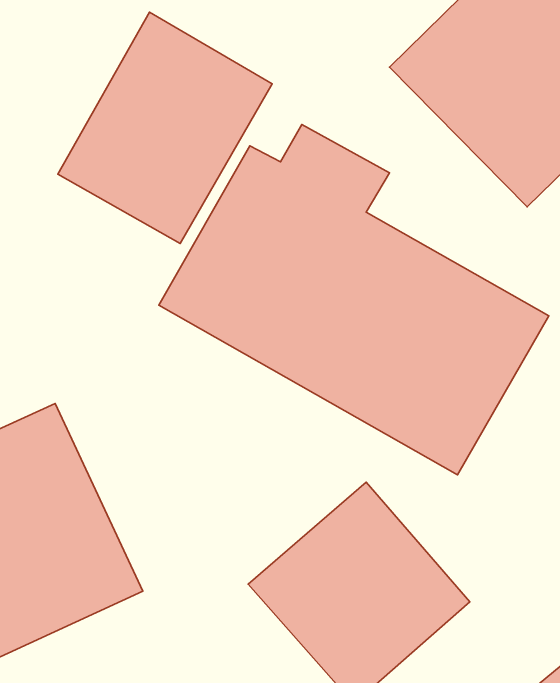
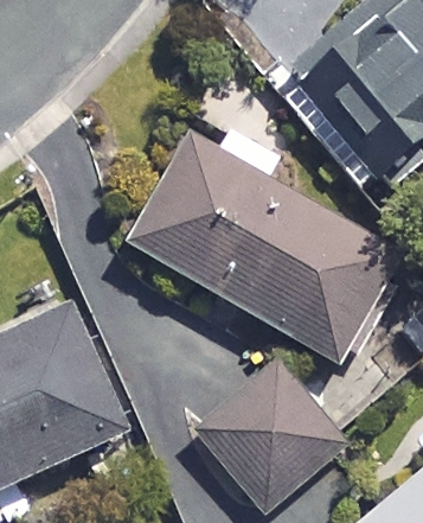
building: [58,12,272,244] -> none

